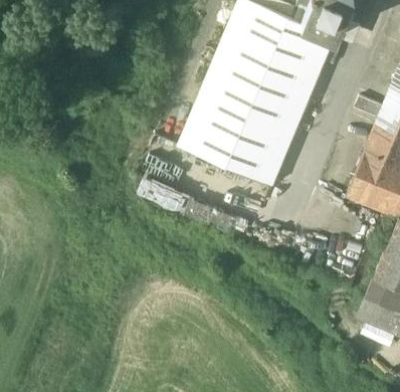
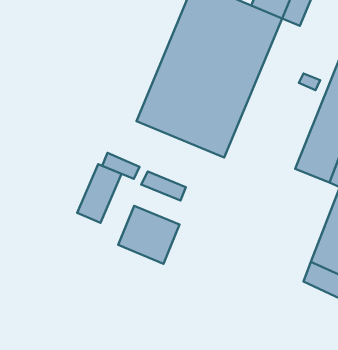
building: none -> [77,164,121,223]
building: none -> [118,206,179,264]

